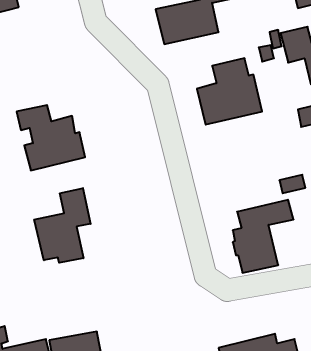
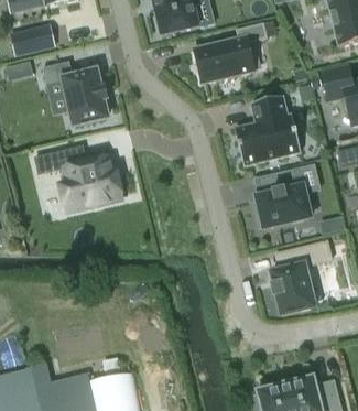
building: none -> [42,60,108,125]
building: none -> [254,163,321,229]
building: [34,188,91,263] -> none

